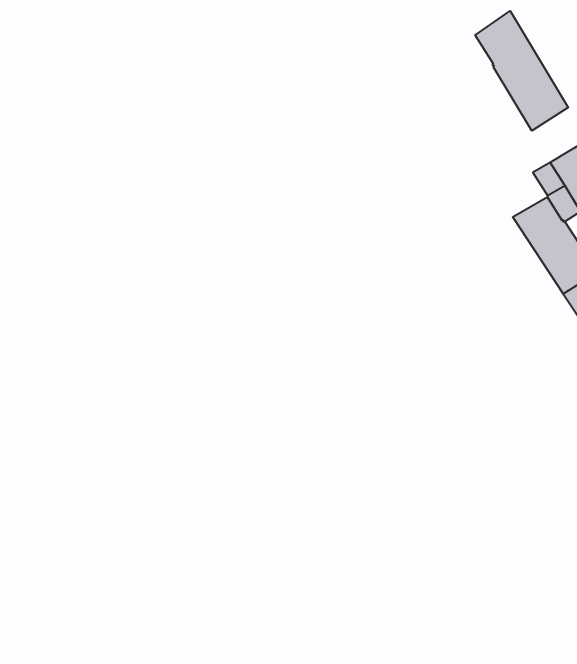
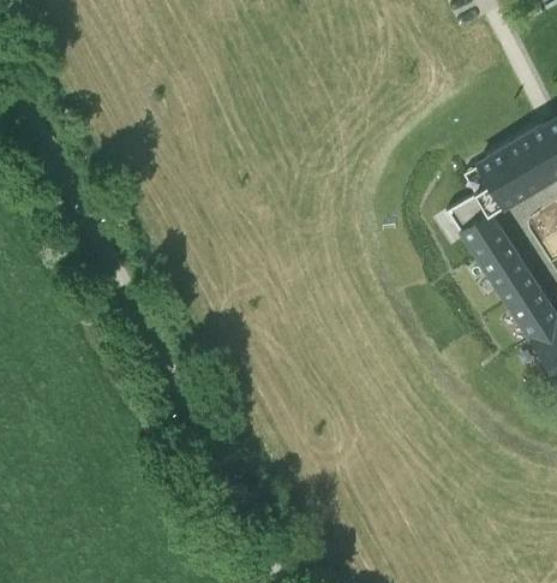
building: [475,11,568,131] -> none

